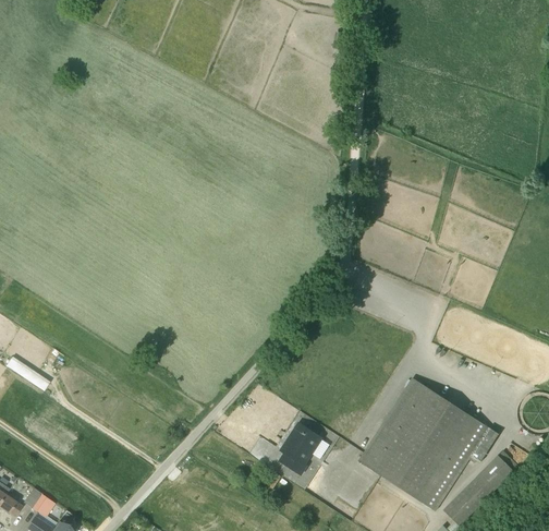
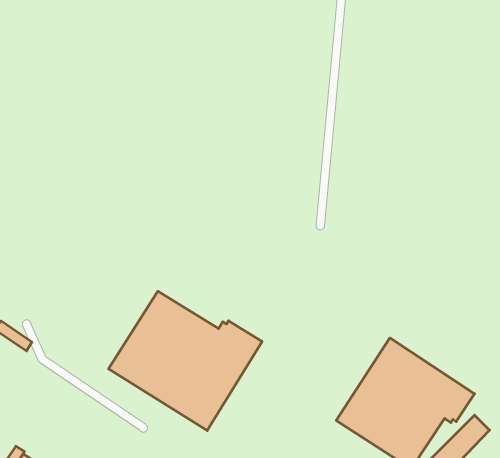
building: none -> [109,291,262,431]
building: [280,424,321,475] -> none

